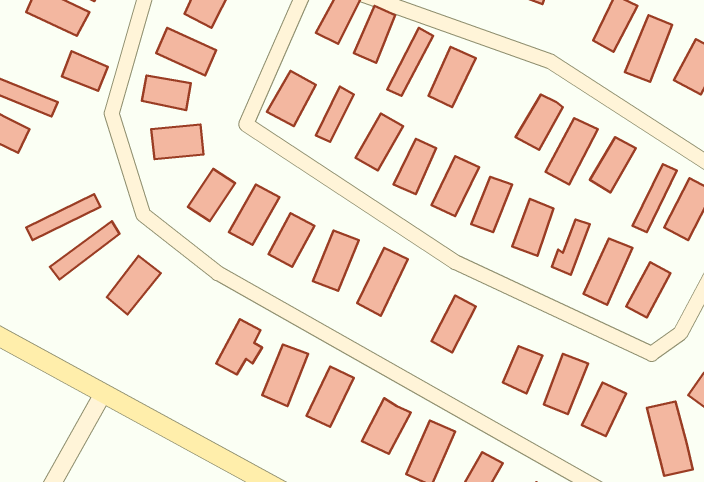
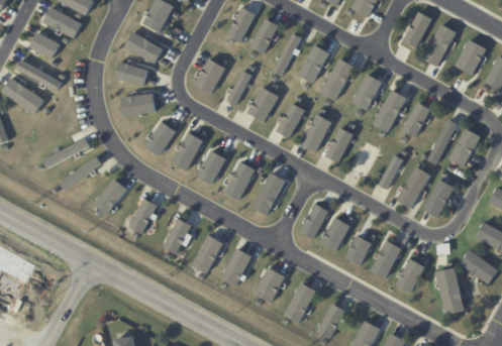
building: [62,51,108,91] -> [28,32,58,57]
building: none -> [319,57,353,101]
building: none -> [127,198,156,234]
building: none -> [319,217,348,251]

